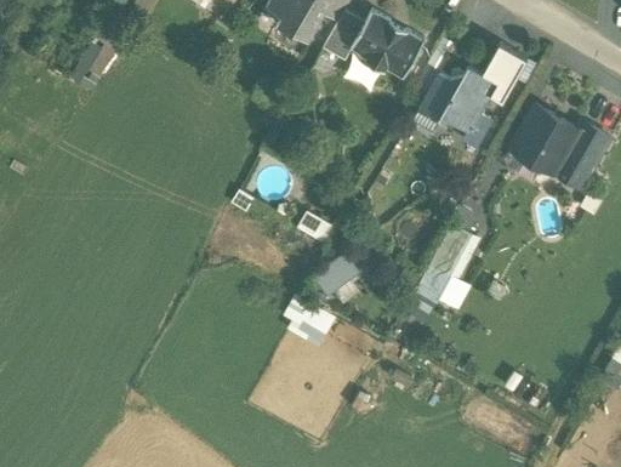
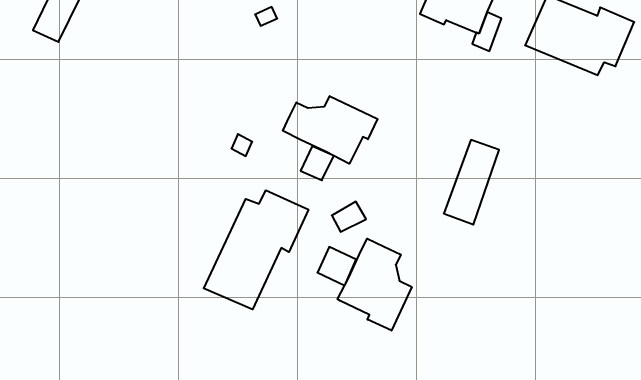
building: none -> [283,96,378,164]
building: none -> [204,190,308,309]
building: none -> [338,239,412,331]

